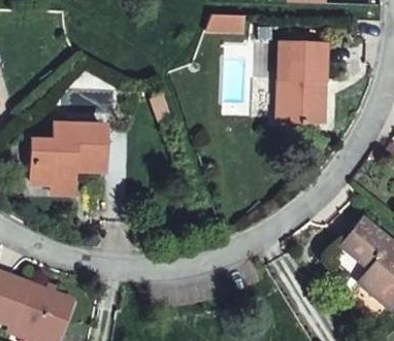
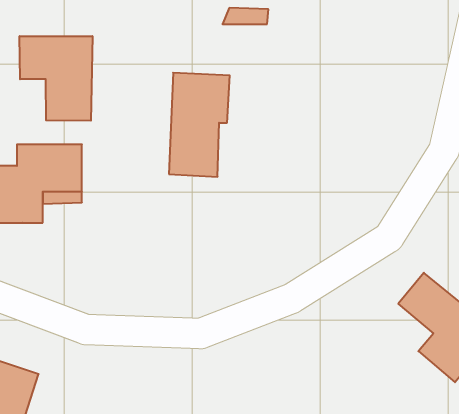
building: none -> [20,36,92,121]
building: [282,46,328,126] -> [169,73,230,177]

